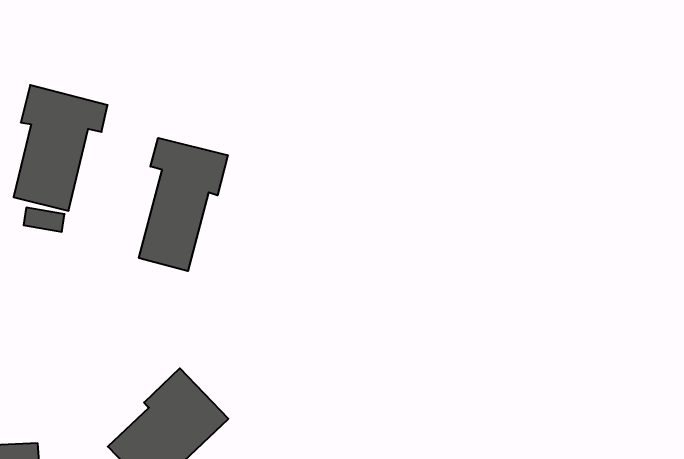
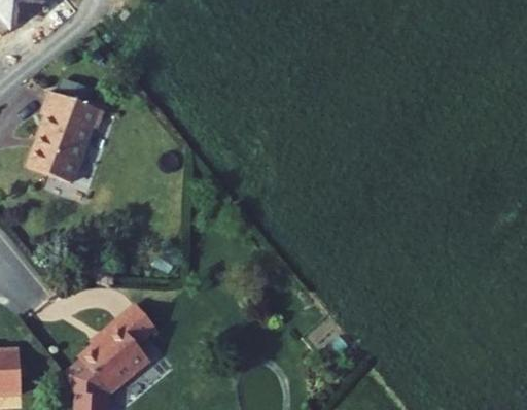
building: [139,138,228,271] -> none

